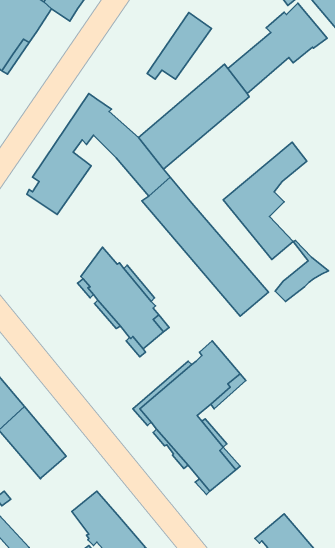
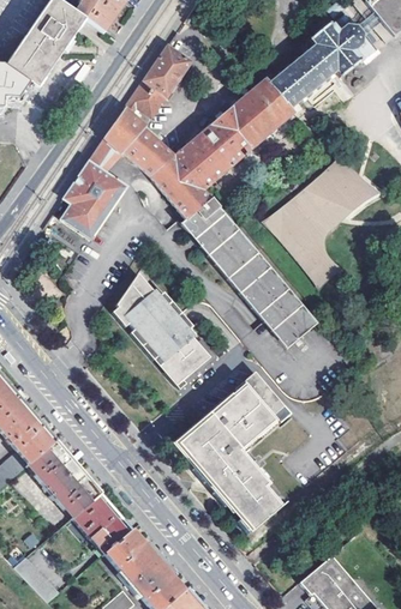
building: [147,13,211,79] -> [124,44,192,115]
building: [275,240,328,301] -> [321,159,377,224]
building: none -> [73,494,132,554]

